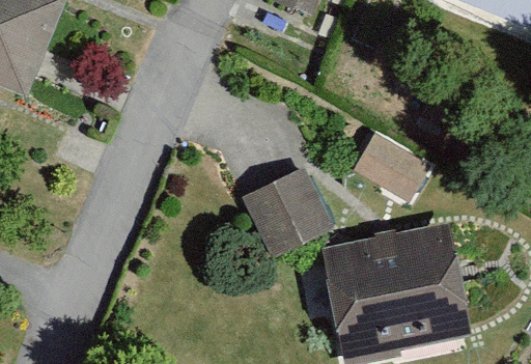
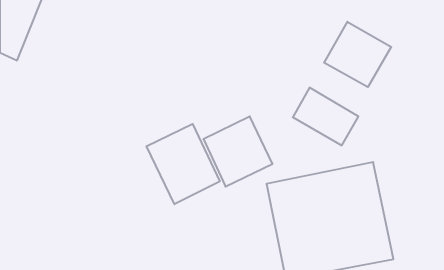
building: none -> [324,22,391,87]
building: none -> [147,124,220,204]

